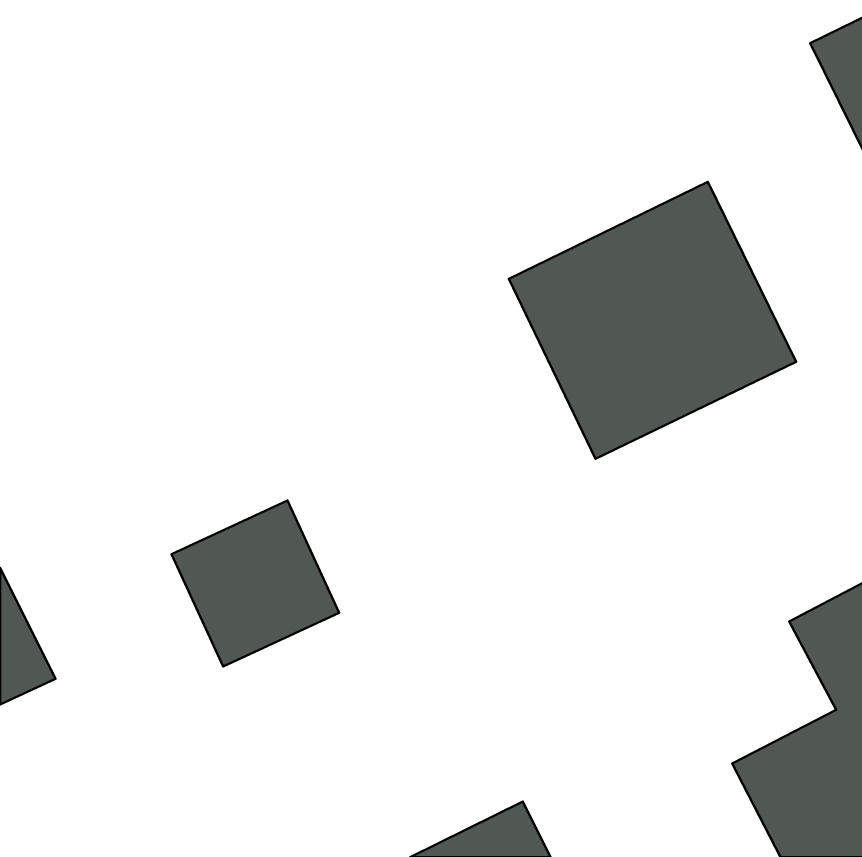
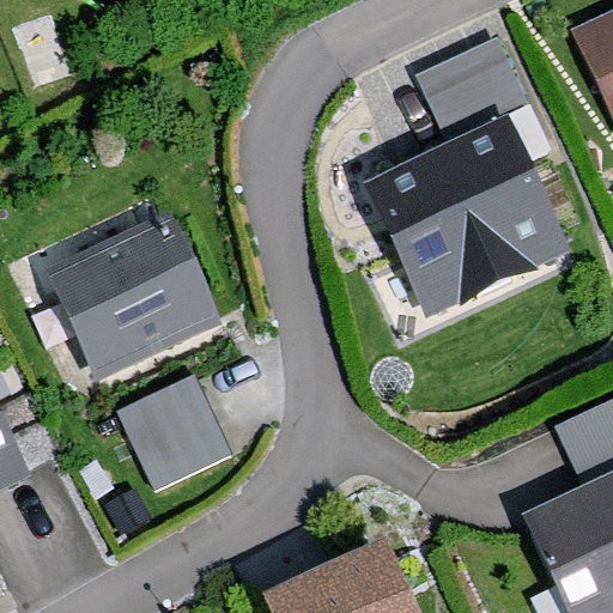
building: none -> [425,38,528,133]
building: none -> [40,220,217,388]

